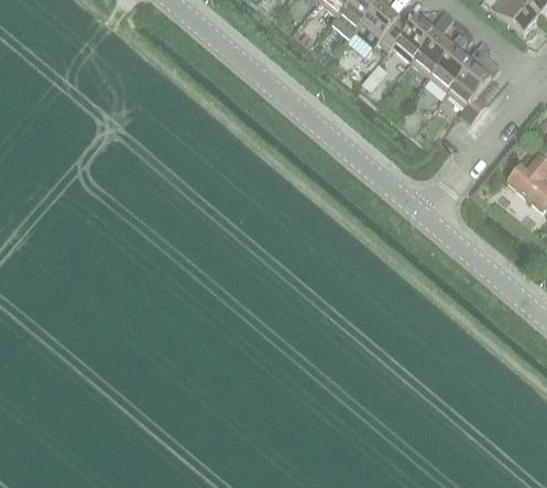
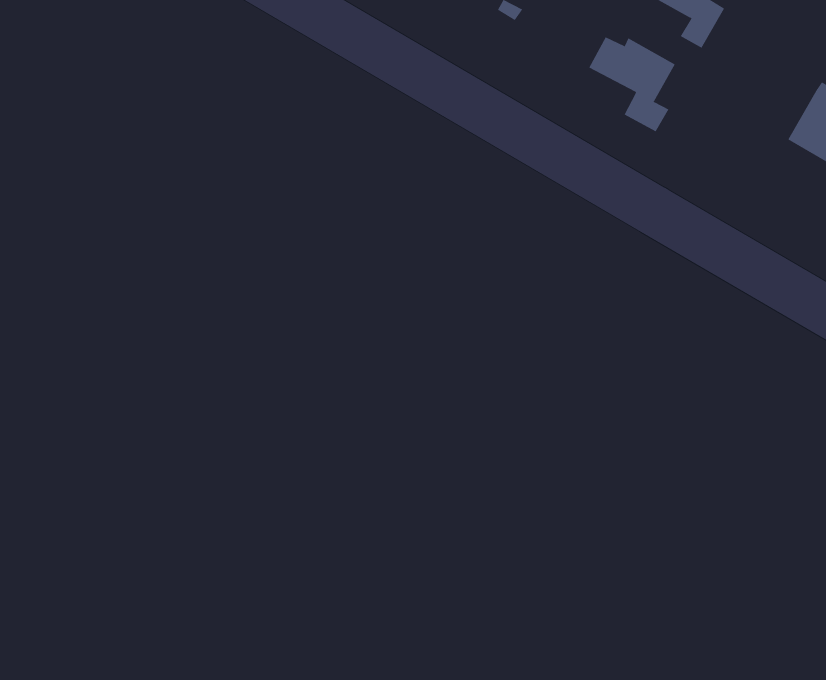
building: none -> [589,37,675,132]

